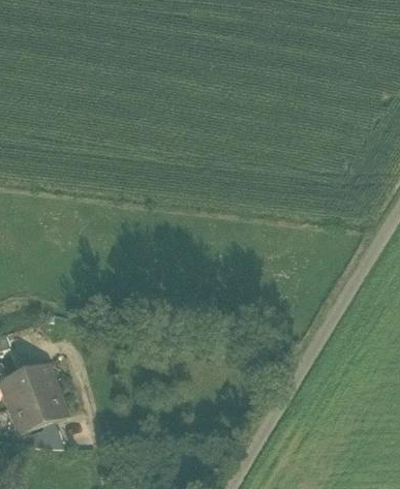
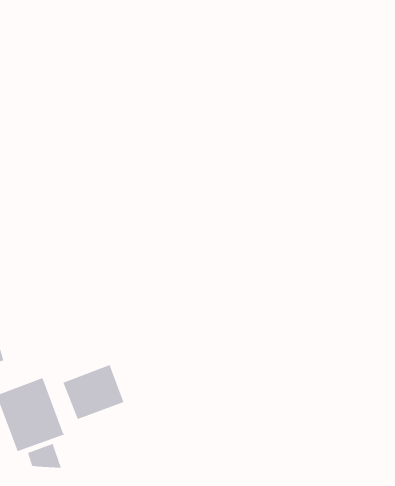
building: none -> [63,363,124,420]

